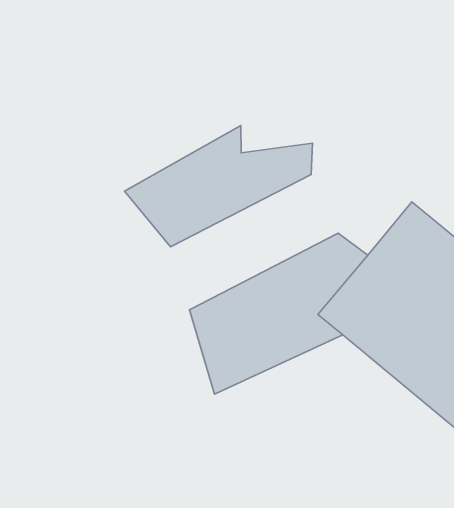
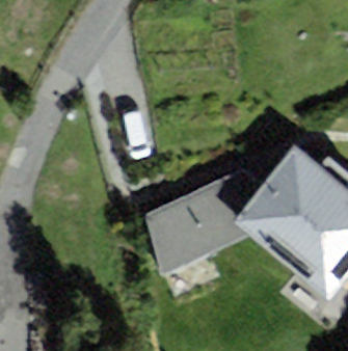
building: [124,126,312,247] -> none

